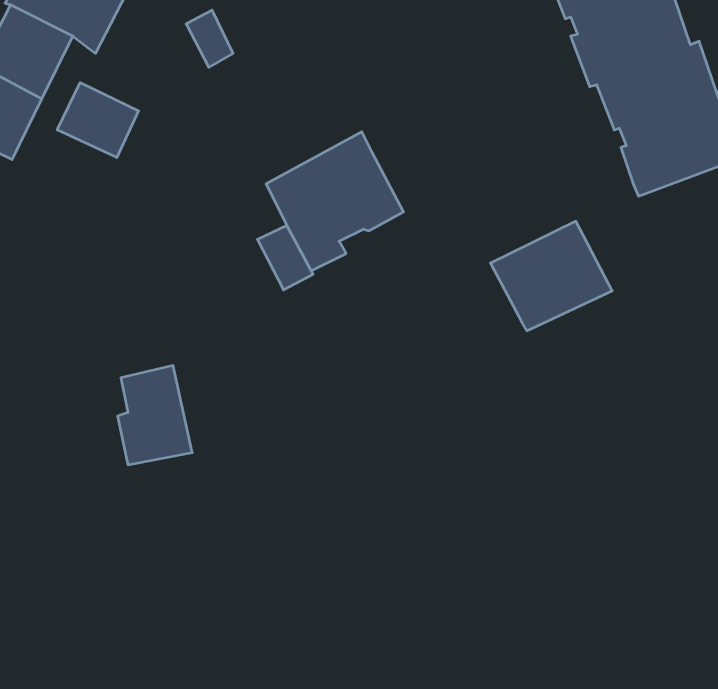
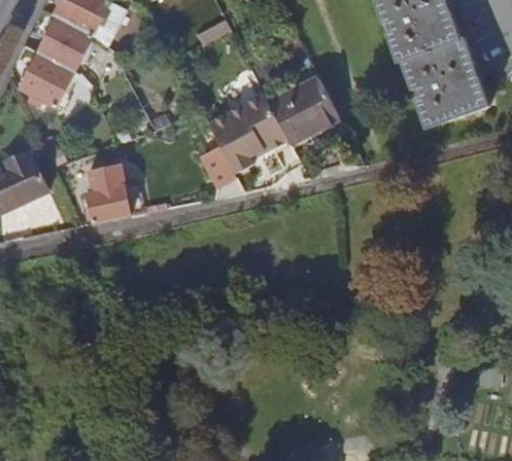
building: [57,83,139,158] -> none
building: [490,221,612,331] -> [270,79,342,144]
building: [118,366,192,465] -> [87,163,131,221]

